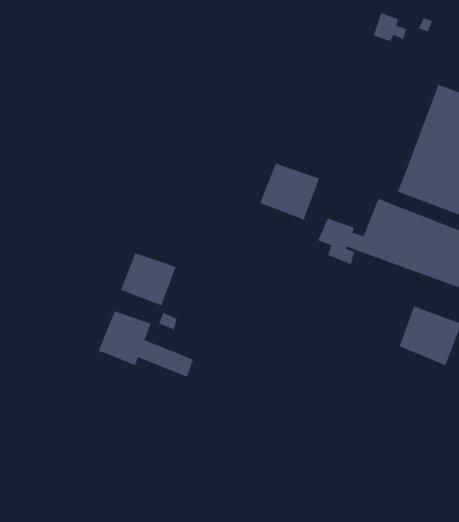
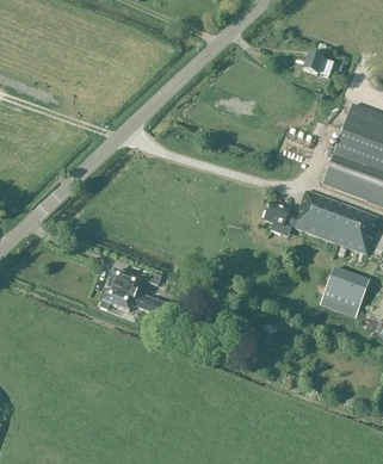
building: [259,163,320,221] -> none
building: [120,252,177,306] -> none

